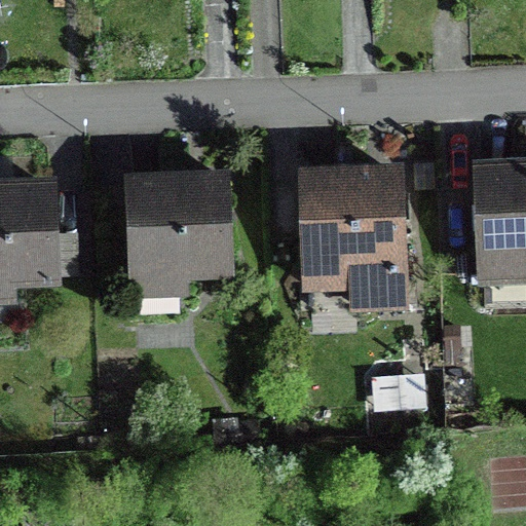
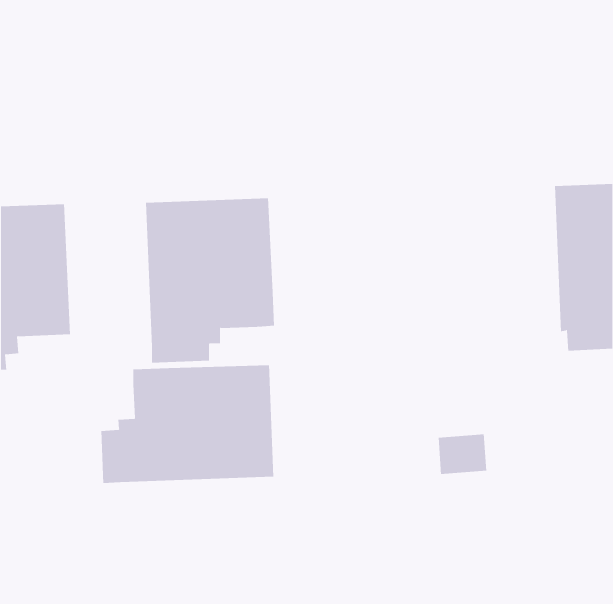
building: [298,162,412,311] -> none
building: none -> [101,364,274,484]

